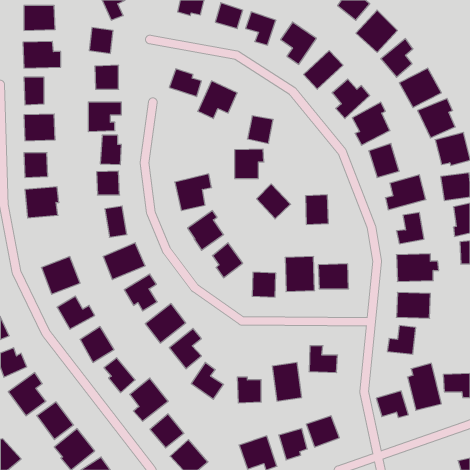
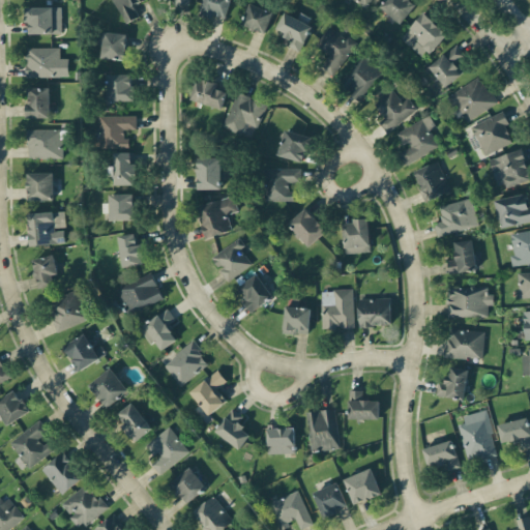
building: none -> [198,157,222,189]
building: none -> [34,256,57,288]

